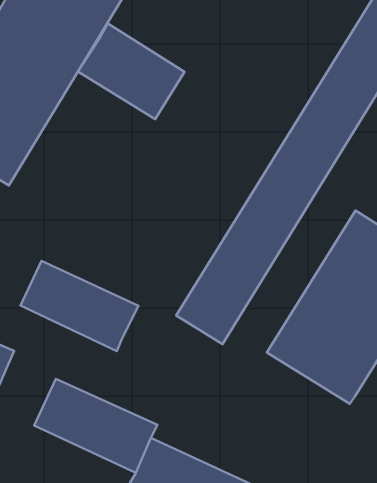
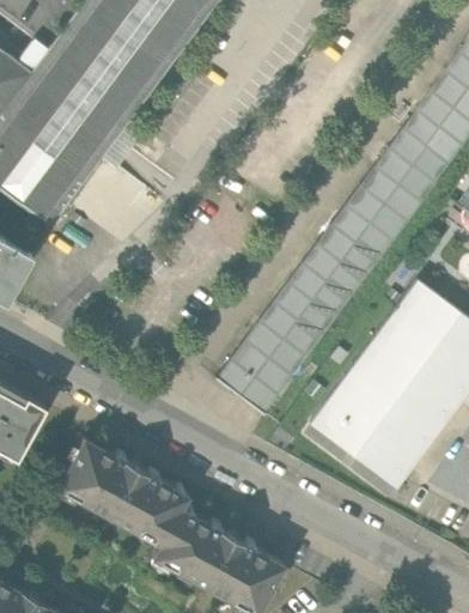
building: [78,24,184,119] -> none
building: [21,261,138,351] -> none

